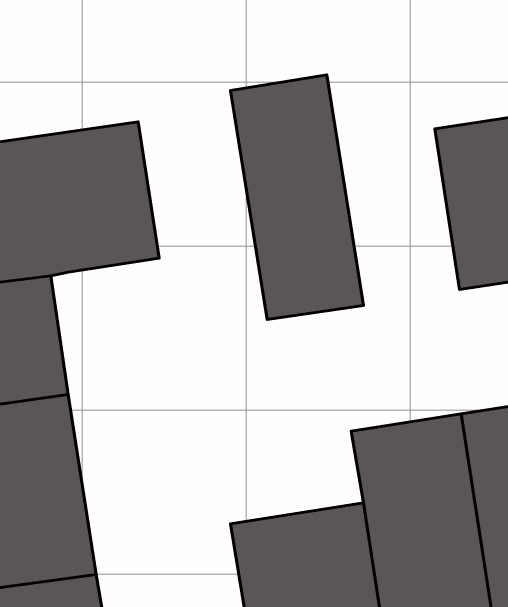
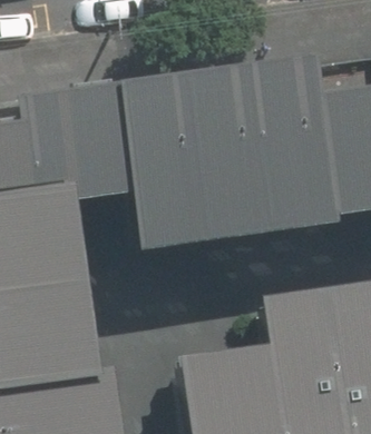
building: none -> [227,69,312,225]
building: none -> [105,88,189,244]

